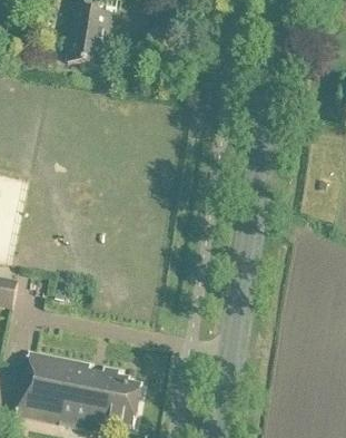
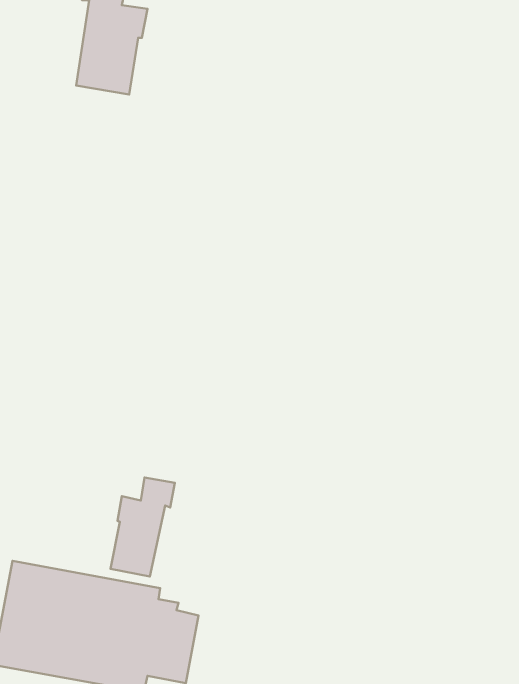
building: none -> [110,477,175,577]

